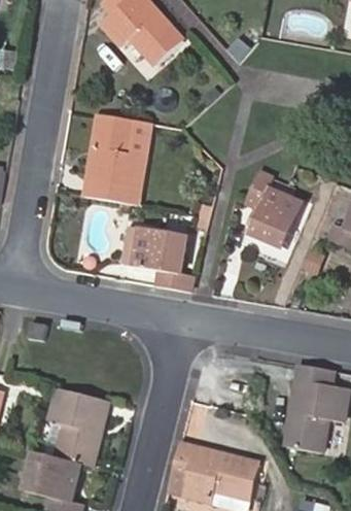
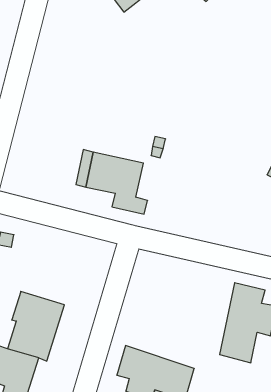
building: [84,113,149,203] -> none
building: [242,170,306,248] -> none

